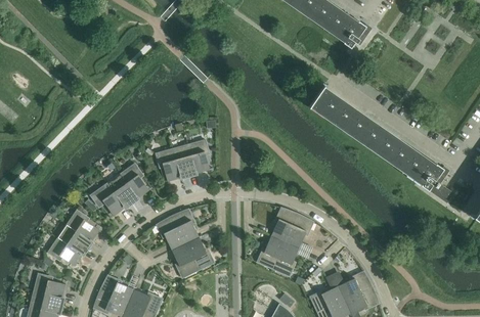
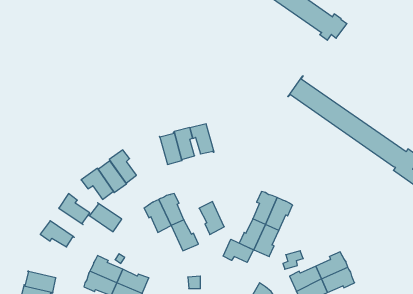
building: [156,148,181,180] -> [190,124,214,154]
building: [57,224,92,255] -> [89,203,122,232]
building: [171,242,198,277] -> [199,202,224,235]
building: none -> [223,239,254,262]
building: [34,273,66,298] -> none

